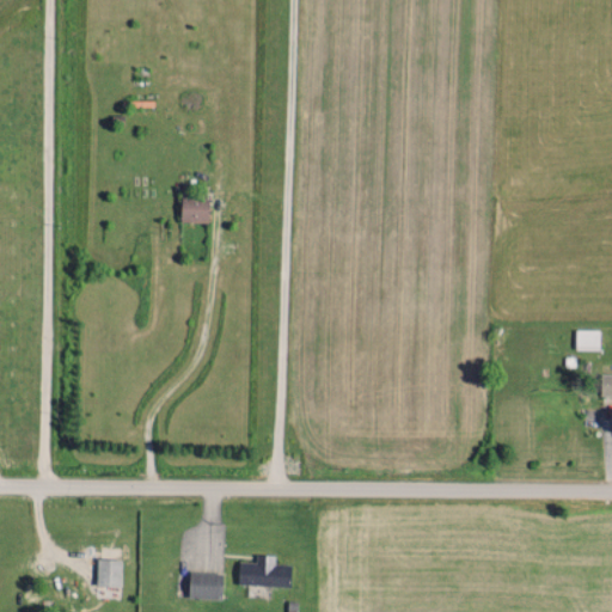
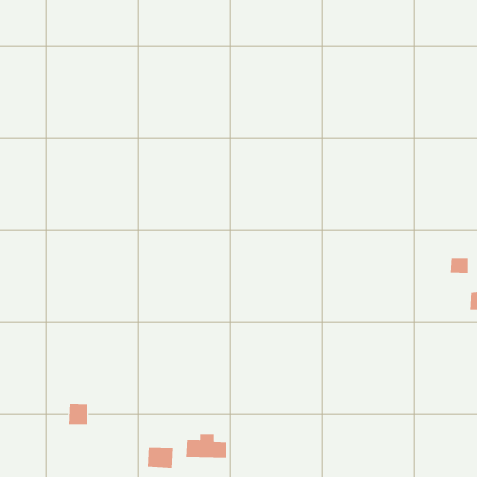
building: [182,198,210,224] -> none
building: [97,559,122,587] -> [68,403,88,425]

